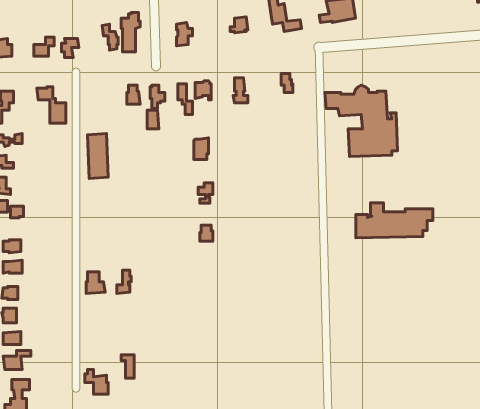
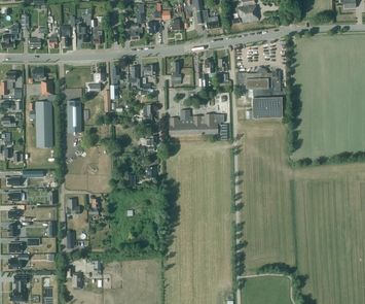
building: none -> [29,101,51,146]
building: [356,203,433,238] -> [169,109,223,134]

